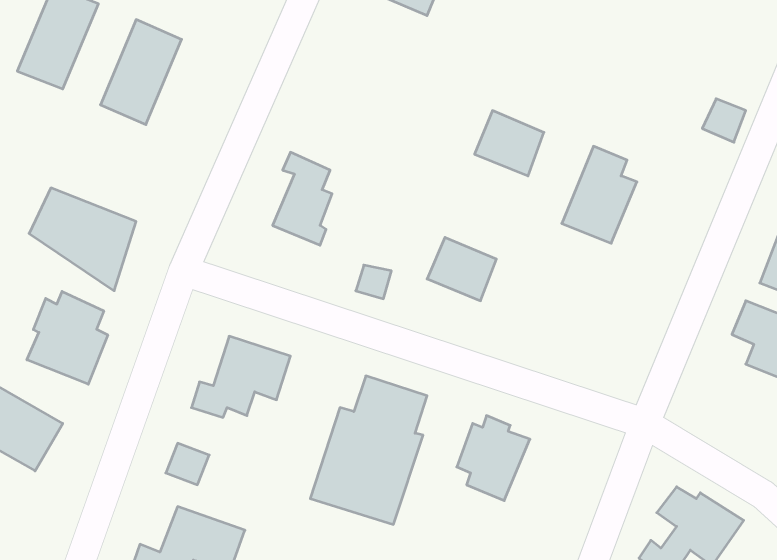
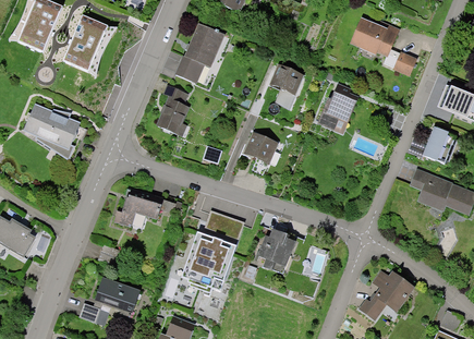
building: none -> [351,20,398,60]
building: none -> [179,25,226,86]
building: [27,291,108,384] -> none

